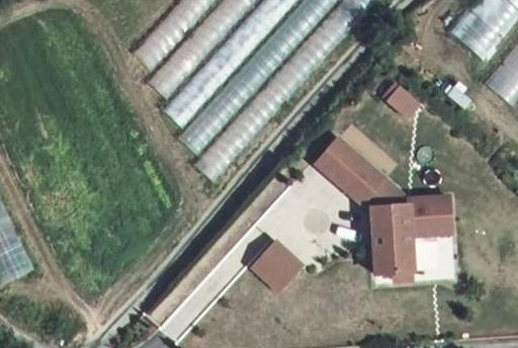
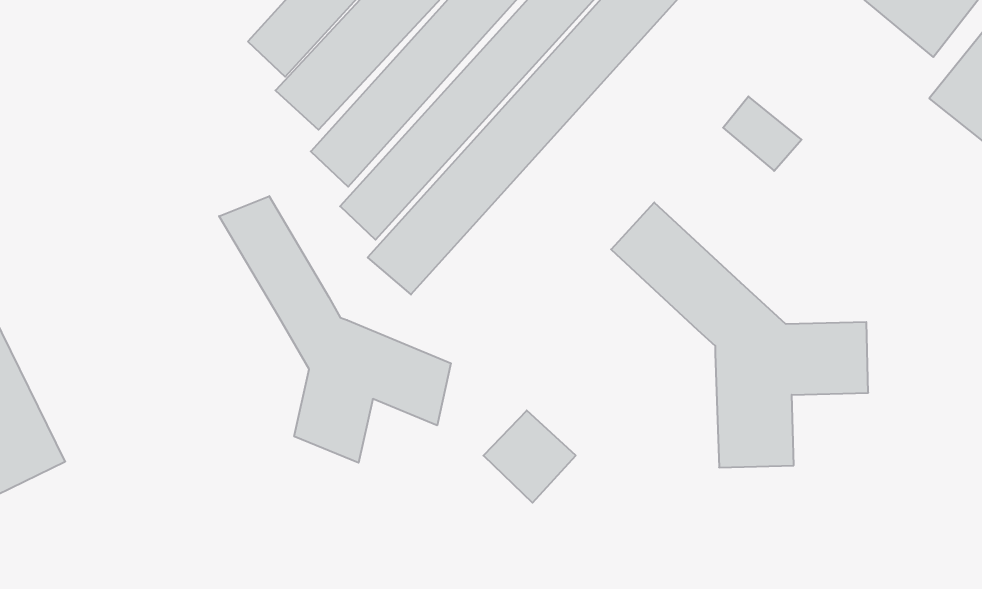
building: none -> [219,196,451,463]

